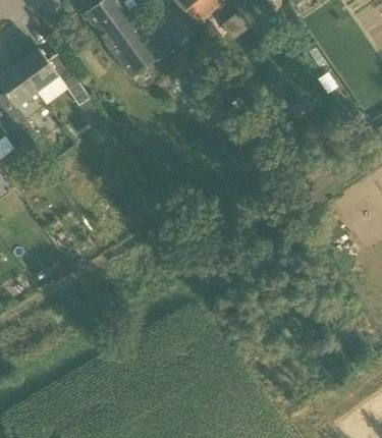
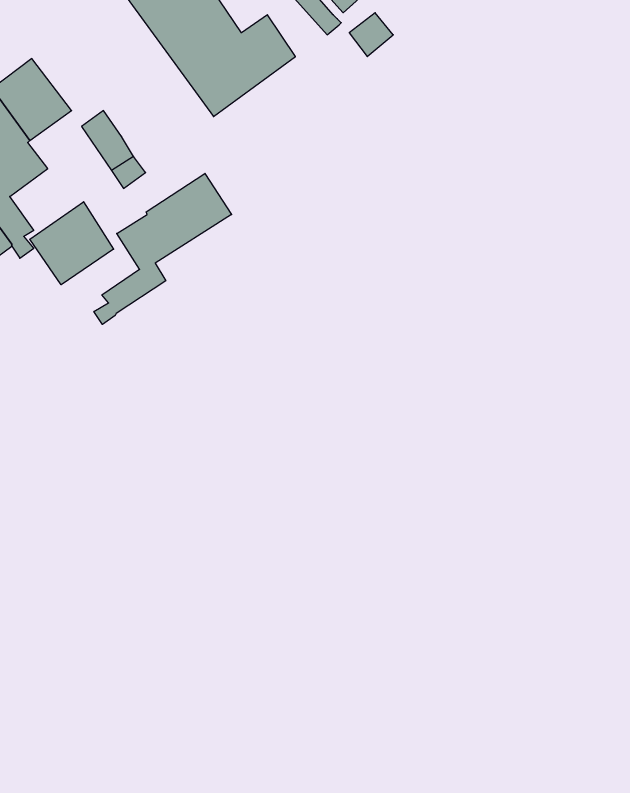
building: none -> [94,173,232,324]
building: none -> [30,202,114,285]

